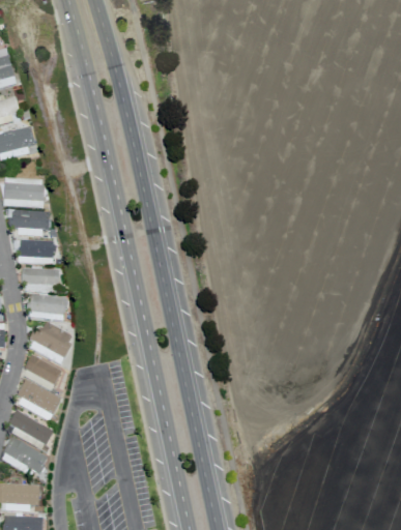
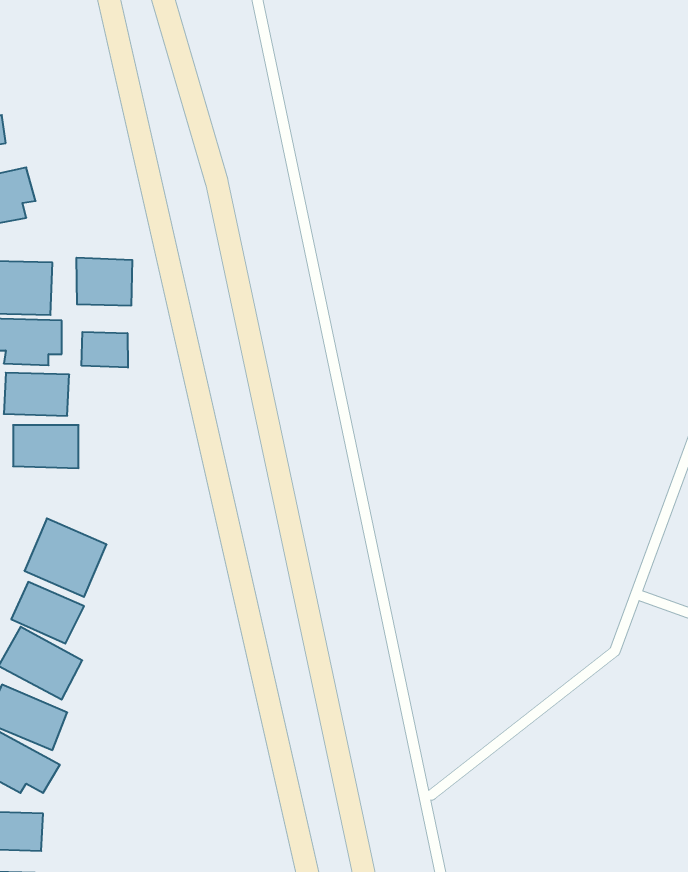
building: none -> [77,258,132,306]
building: none -> [82,332,128,368]
building: [29,294,66,319] -> none

